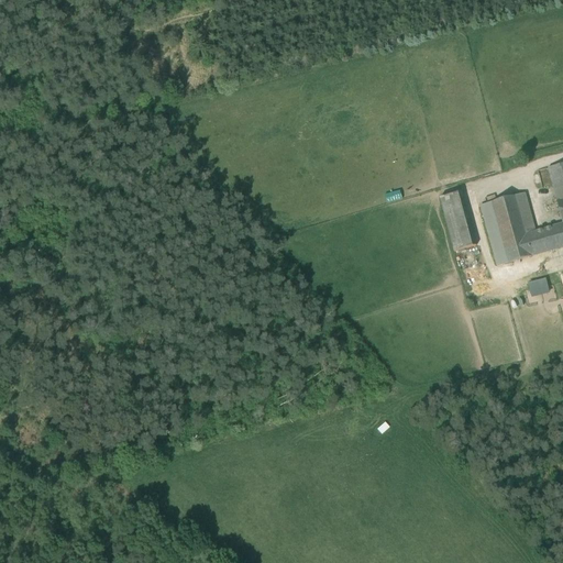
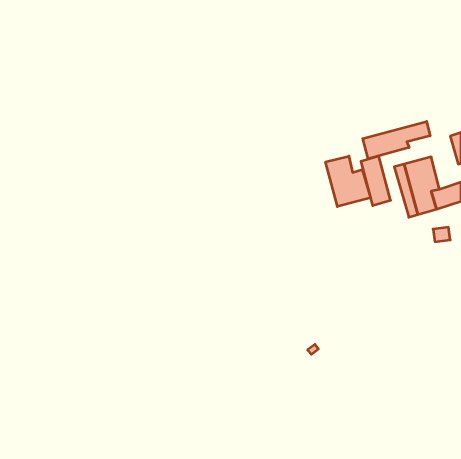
building: none -> [363,121,430,159]
building: none -> [326,156,371,207]

